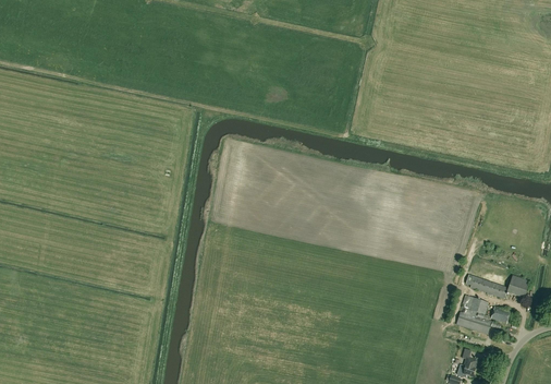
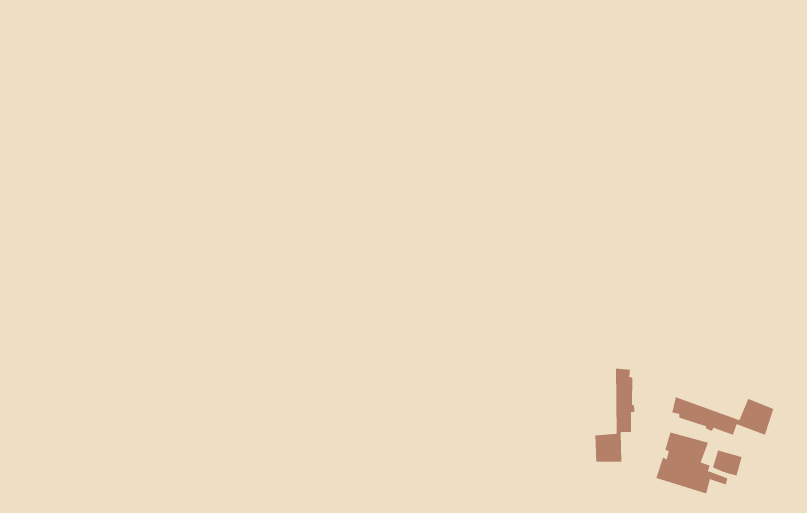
building: none -> [595,368,635,462]

